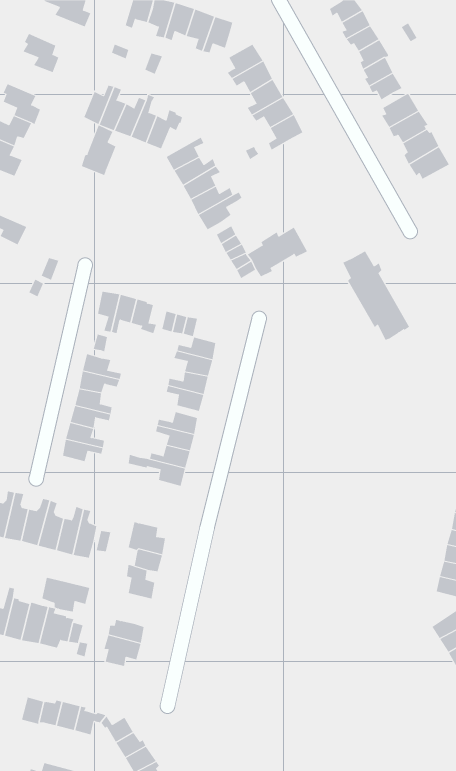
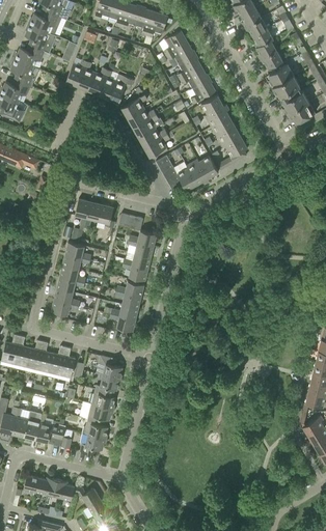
building: none -> [28,11,61,35]
building: none -> [13,46,50,66]
building: [81,125,116,176] -> none
building: [343,250,410,340] -> [201,95,247,157]
building: [42,577,90,612] -> [79,401,112,425]

